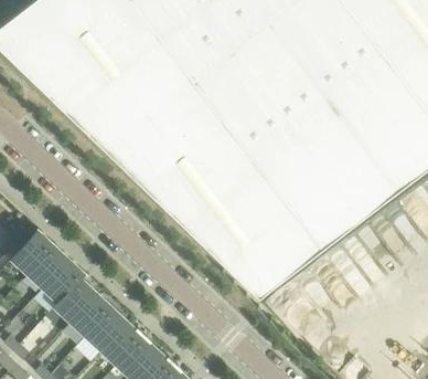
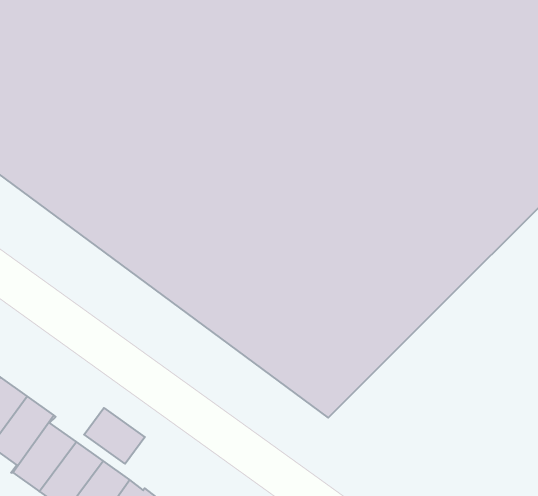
building: none -> [84,408,145,464]

